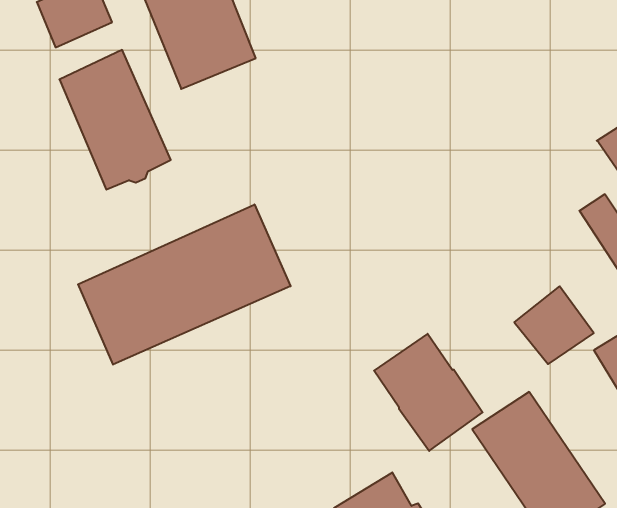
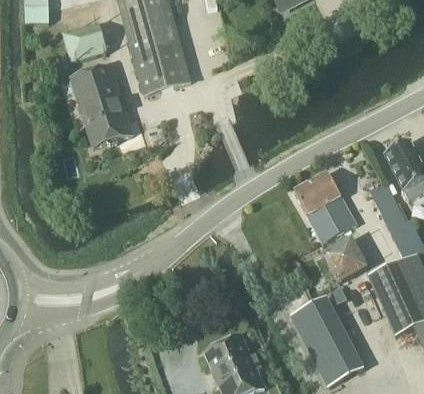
building: [78,204,291,365] -> none
building: [374,334,483,451] -> [294,174,355,243]

